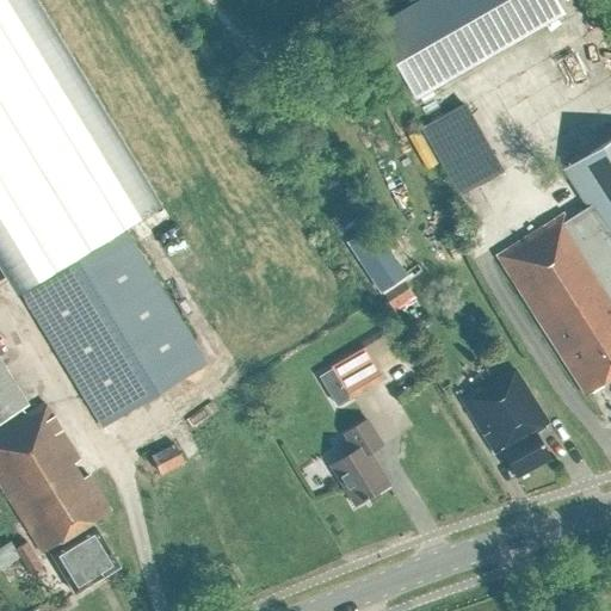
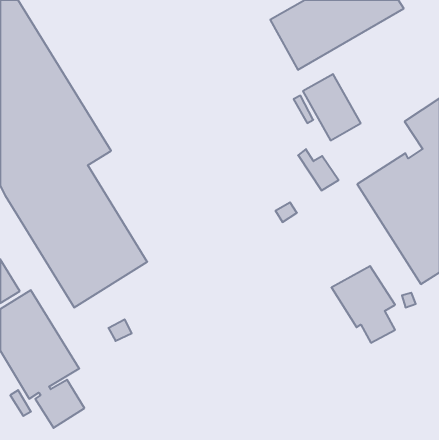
building: [348,234,405,291] -> [298,149,339,190]
building: [331,347,383,399] -> none
building: [329,419,389,505] -> none

